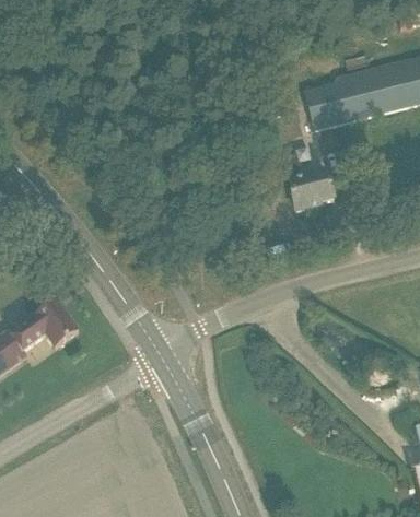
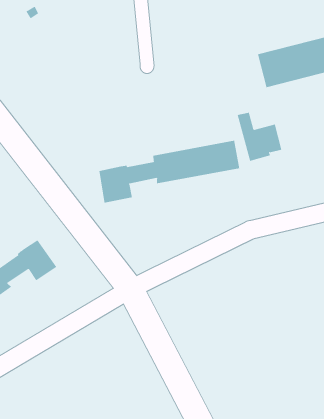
building: none -> [99,140,240,203]

